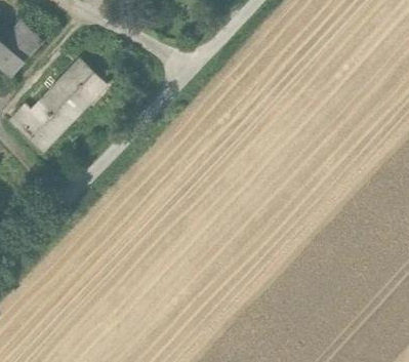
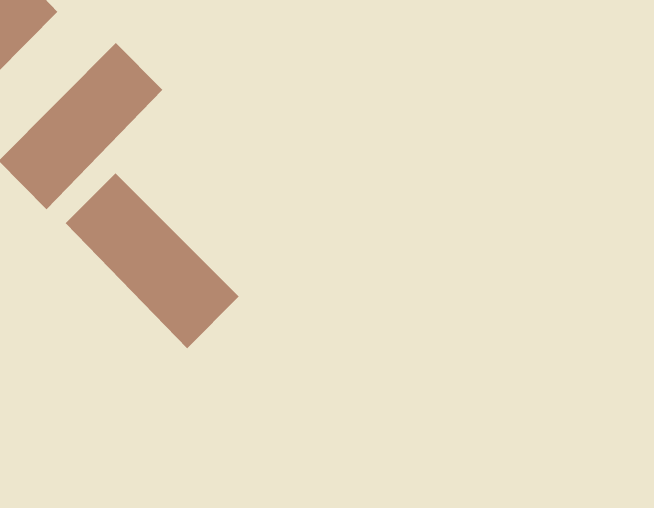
building: none -> [65,172,240,349]

